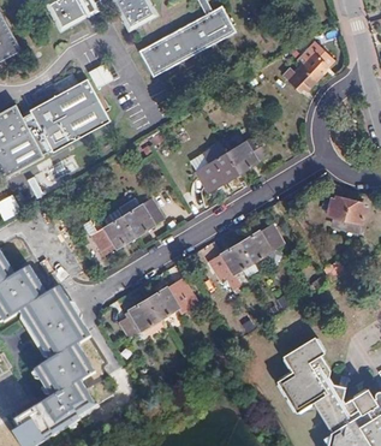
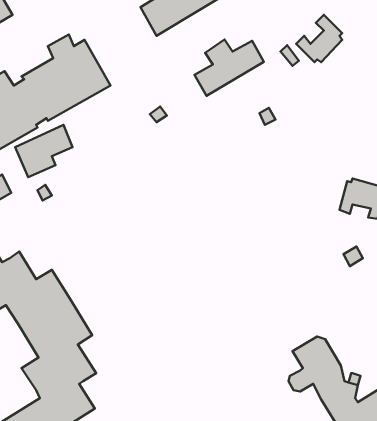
building: [191,142,255,194] -> [195,40,264,96]
building: [91,198,162,255] -> none
building: [209,221,287,280] -> none
building: [119,287,184,339] -> none

